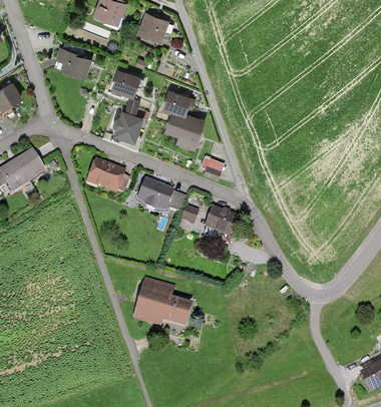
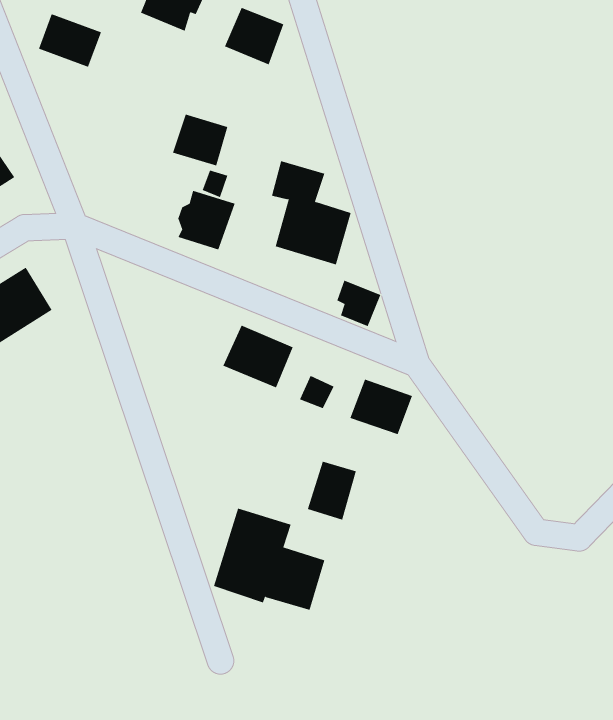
building: [56,48,90,77] -> [38,13,102,68]
building: [87,158,127,193] -> none
building: none -> [307,461,357,520]

